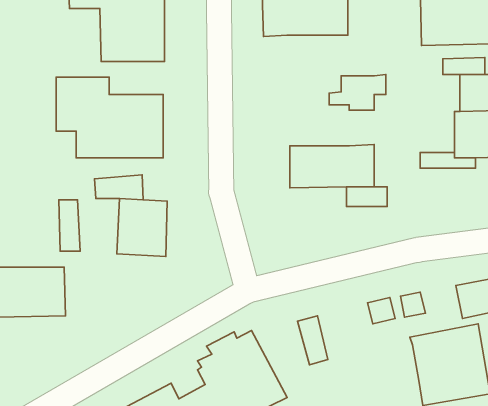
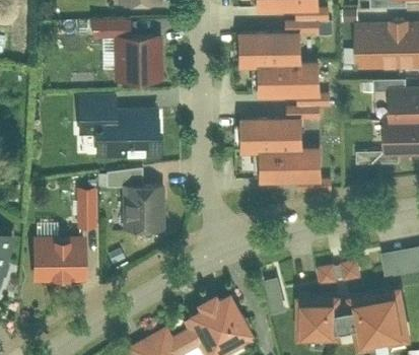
building: none -> [255,63,322,95]
building: none -> [237,117,302,148]
building: none -> [294,290,356,337]

